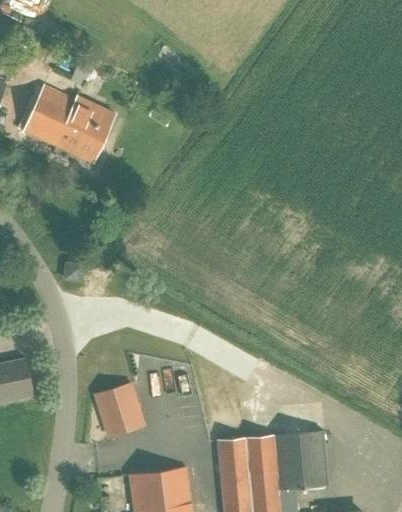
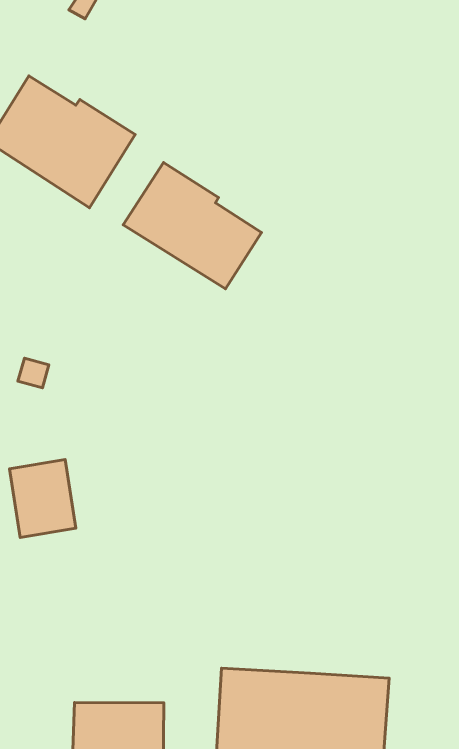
building: none -> [123,163,262,289]
building: [96,383,143,436] -> [10,459,76,537]

